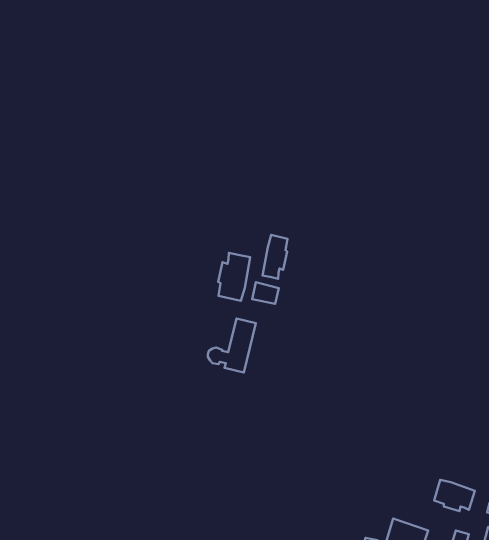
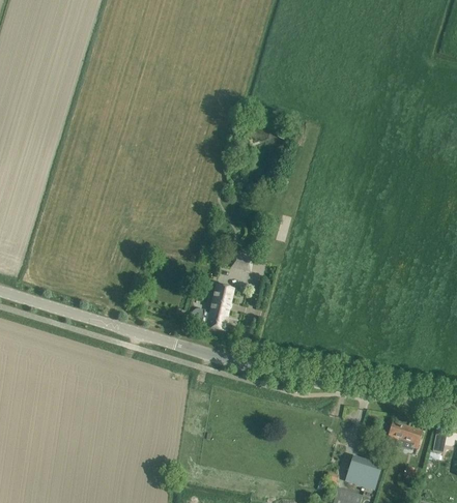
building: [263,235,288,279] -> none
building: [218,253,250,301] -> none

